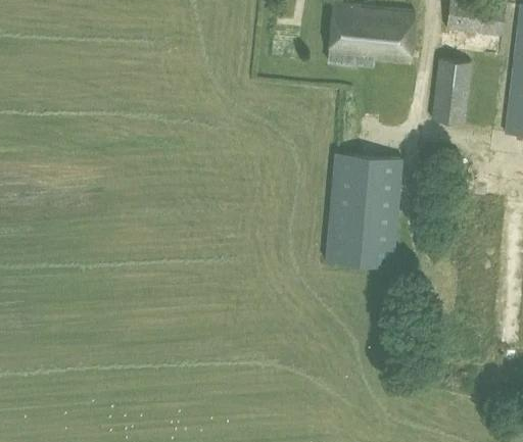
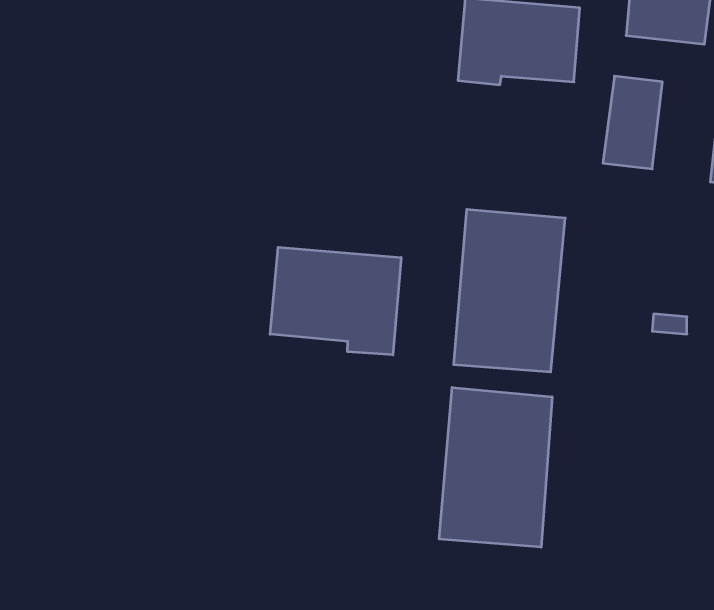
building: none -> [270,247,401,355]
building: none -> [439,387,552,547]

